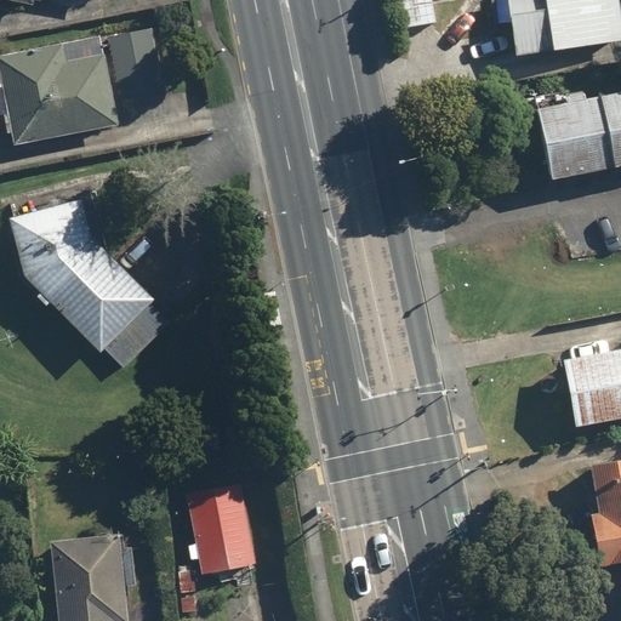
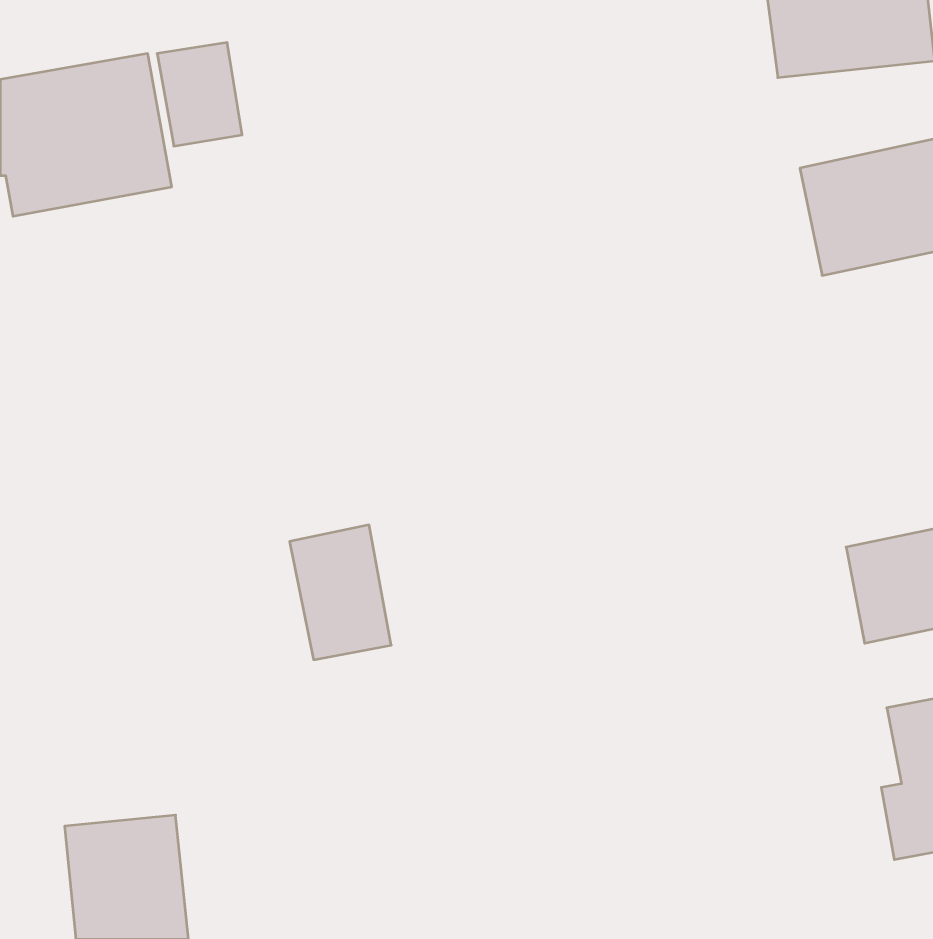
building: [12,200,173,368] -> none
building: [188,485,255,574] -> [290,525,391,660]

